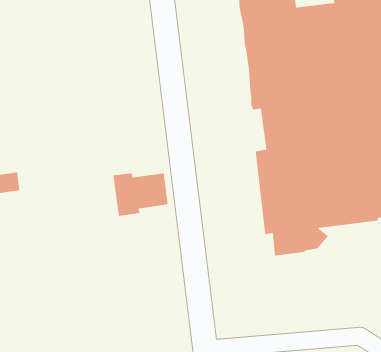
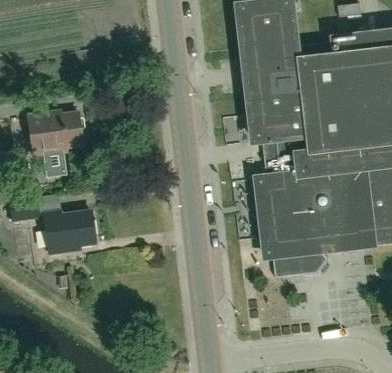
building: none -> [27,113,83,179]
building: [113,173,169,217] -> [43,213,95,254]

